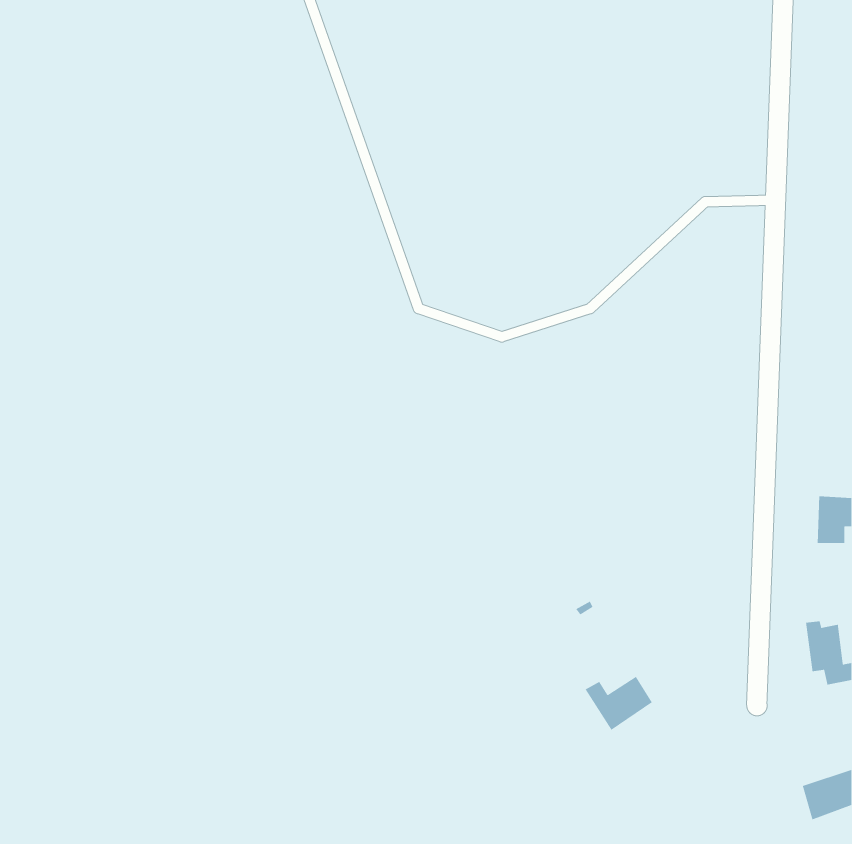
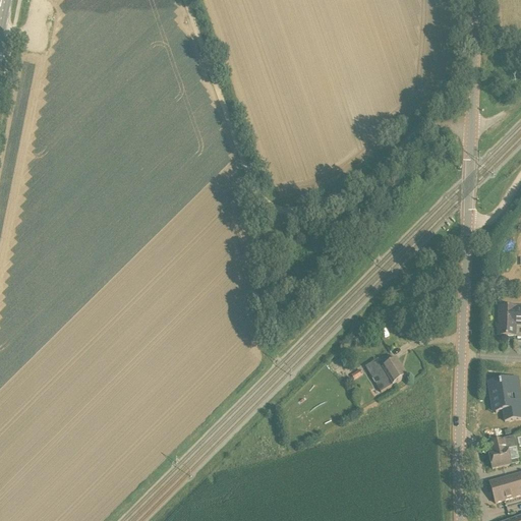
building: [585,676,653,731] -> [365,355,407,389]
building: none -> [488,435,515,466]

